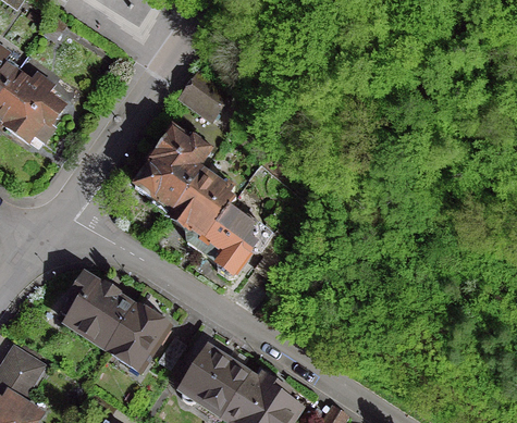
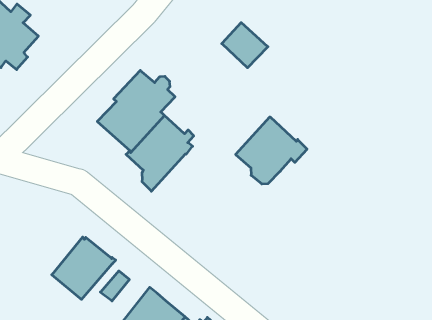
building: [181,72,229,117] -> [222,23,268,68]
building: [197,207,270,276] -> [236,117,307,184]
building: [65,274,132,347] -> none

